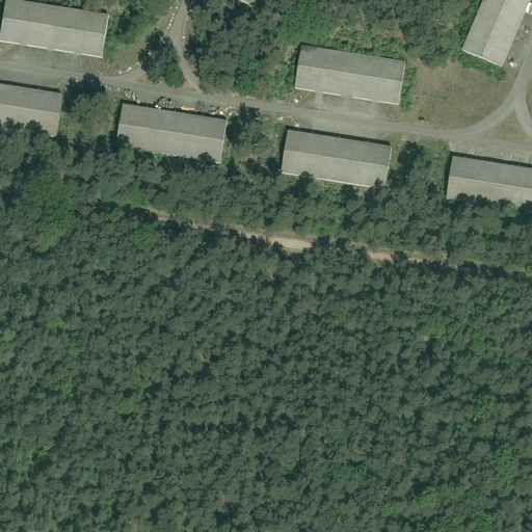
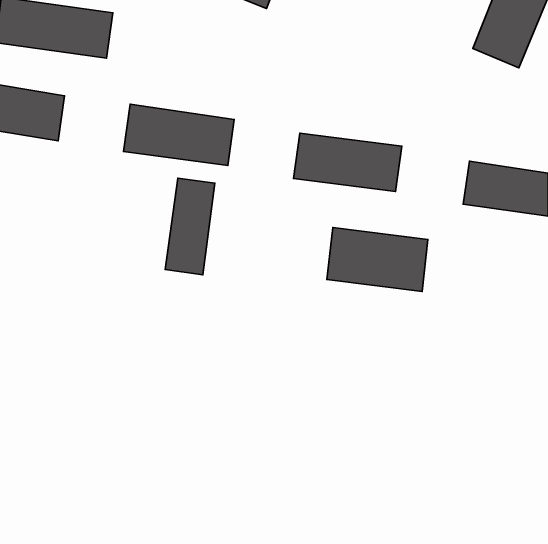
building: [293,46,404,103] -> none
building: none -> [165,178,215,275]
building: none -> [327,227,428,292]

